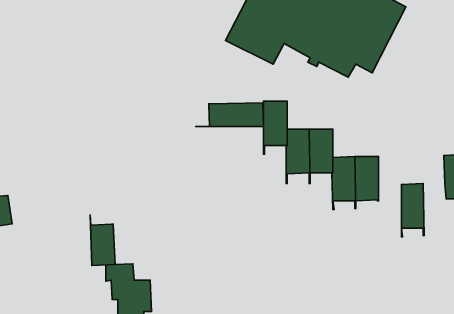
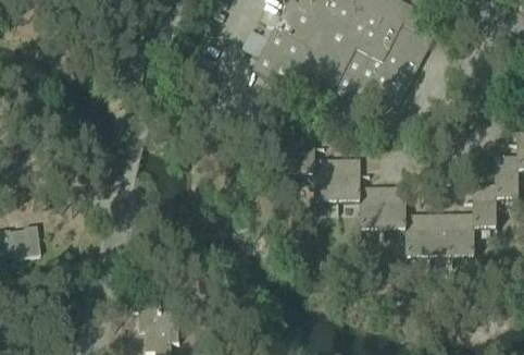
building: [196,103,263,127] -> none
building: none -> [451,213,475,266]
building: none -> [406,215,429,267]
building: [90,215,115,266] -> none

